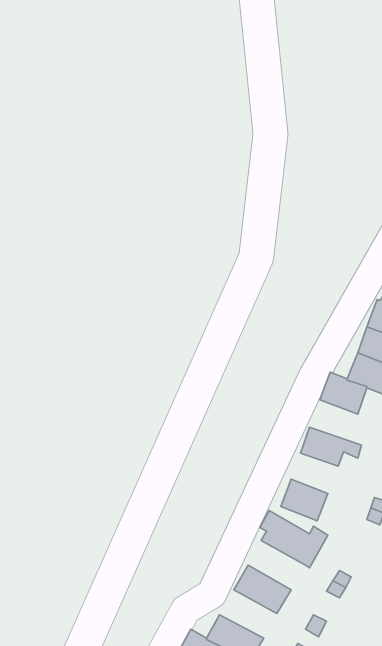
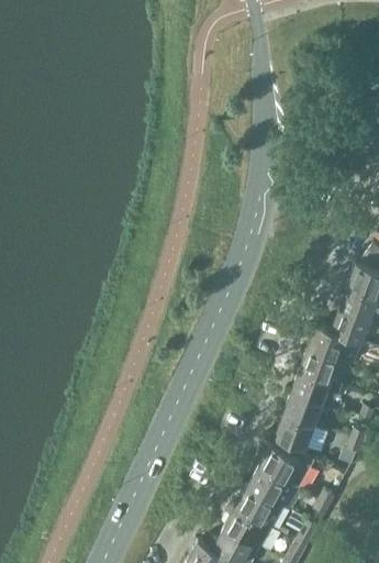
building: none -> [298,349,338,383]
building: none -> [282,394,322,428]
building: none -> [246,467,294,509]
building: none -> [222,509,270,550]

